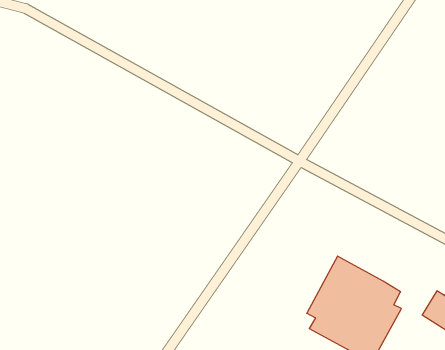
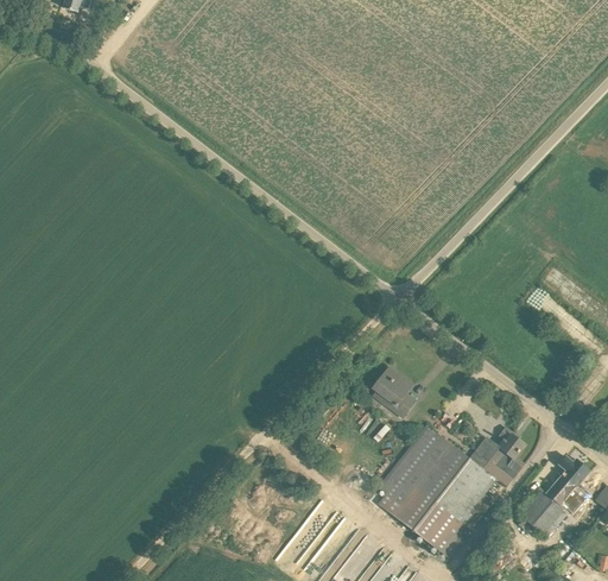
building: none -> [372,365,416,416]
building: none -> [476,431,525,485]

